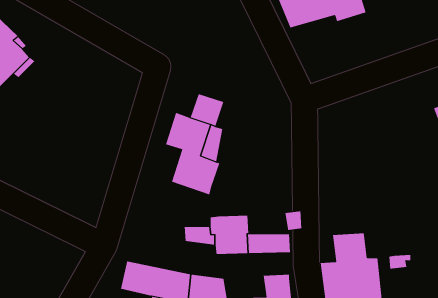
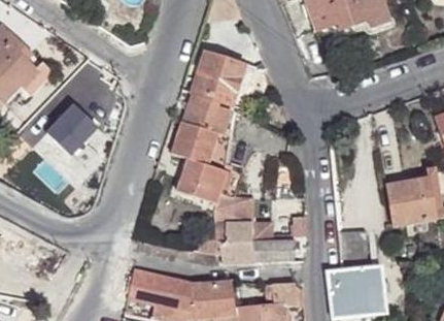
building: none -> [192,52,255,109]
building: none -> [39,107,90,158]
building: none -> [383,175,436,226]
building: none -> [214,196,253,226]

